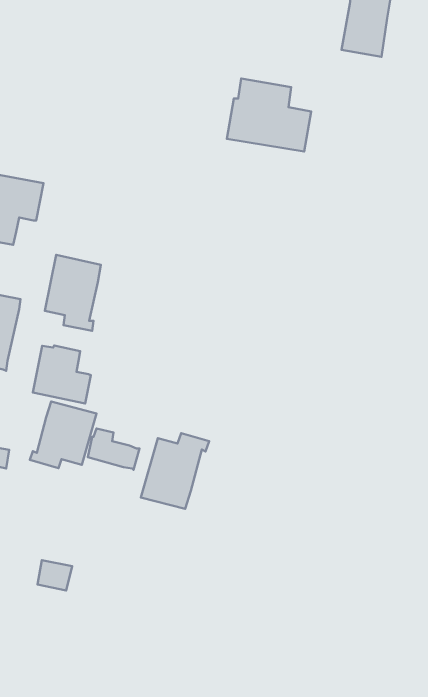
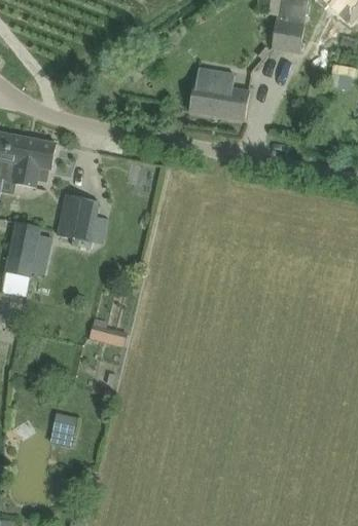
building: [33,346,91,403] -> none
building: [30,402,96,468] -> none
building: [141,433,209,509] -> none

